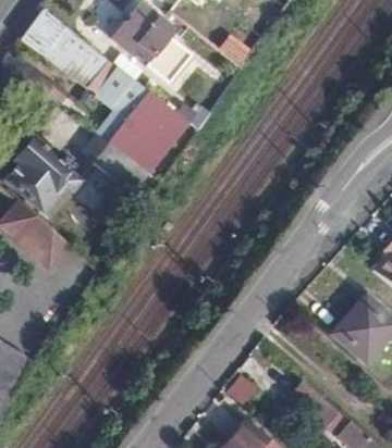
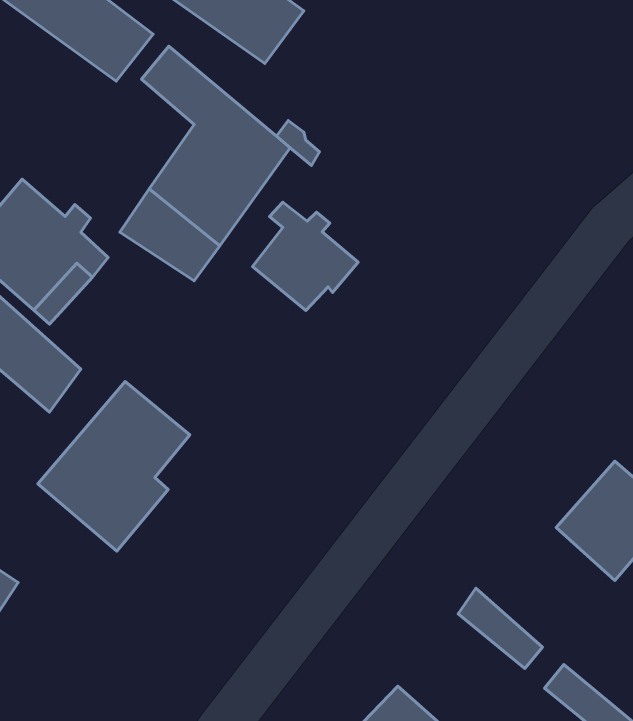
building: none -> [252,202,358,310]
building: none -> [38,382,190,551]

